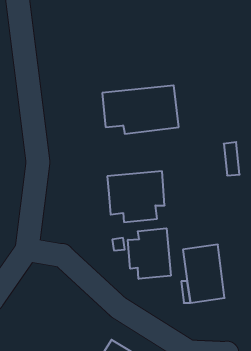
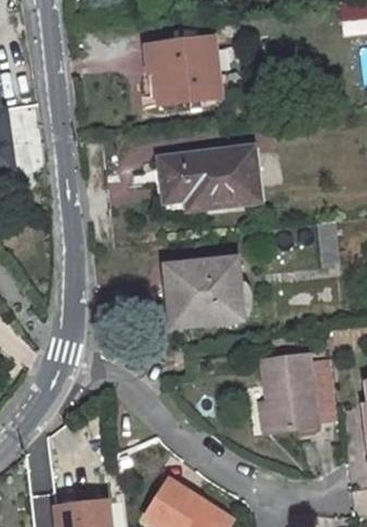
building: none -> [147,39,219,104]
building: [128,228,171,279] -> none

